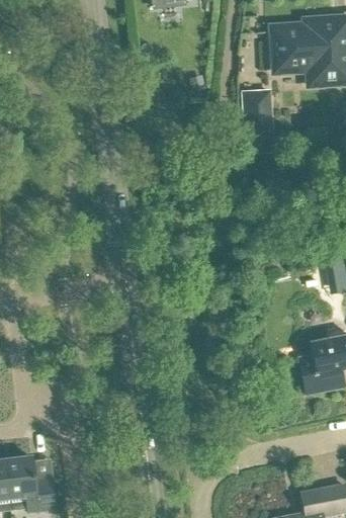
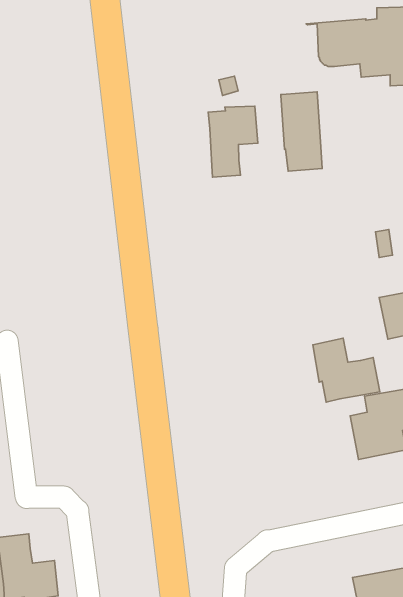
building: none -> [208,106,258,177]
building: none -> [313,338,380,402]

